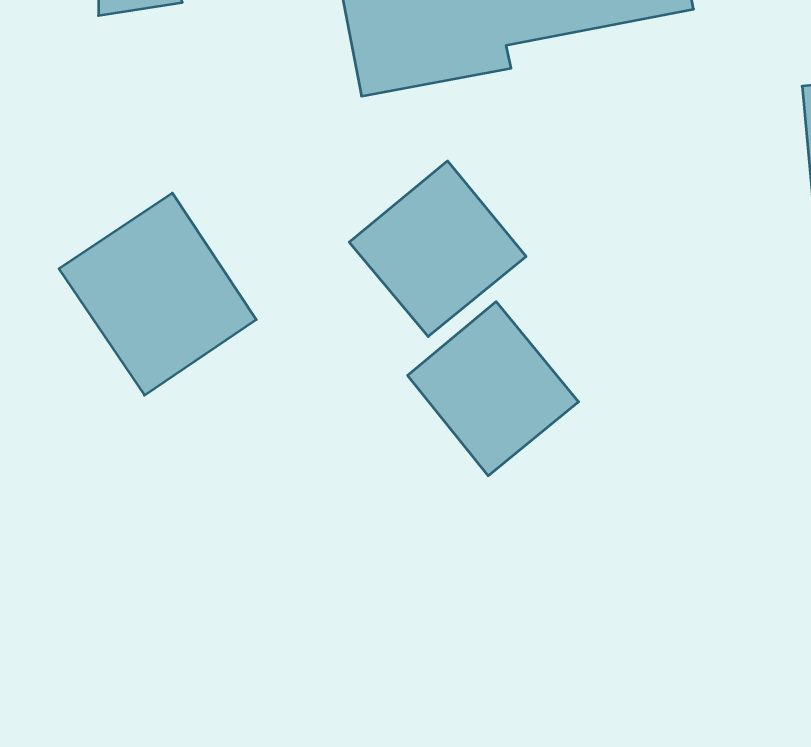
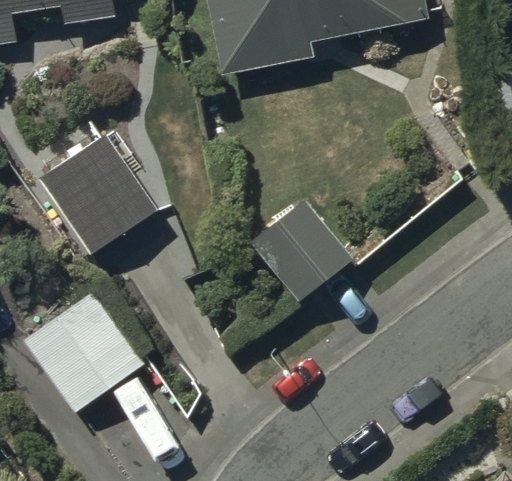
building: [349,161,526,337] -> none
building: none -> [23,288,147,413]

